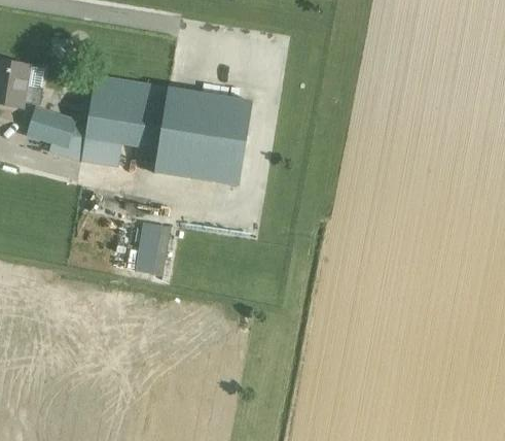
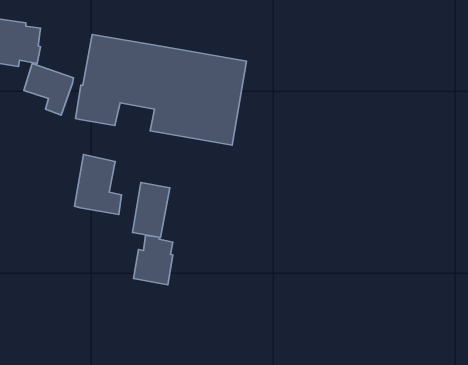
building: none -> [74,155,121,215]
building: none -> [133,236,173,285]

